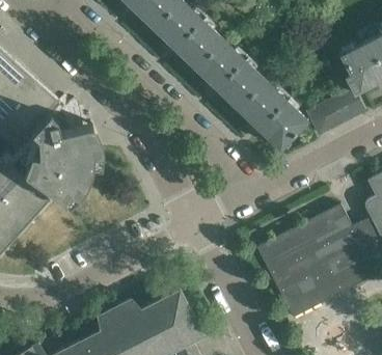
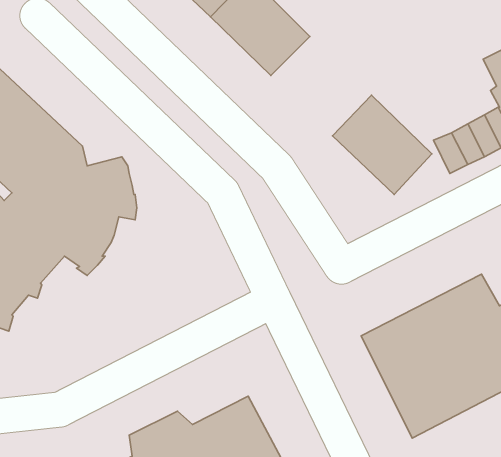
building: [194,40,264,109] -> none

